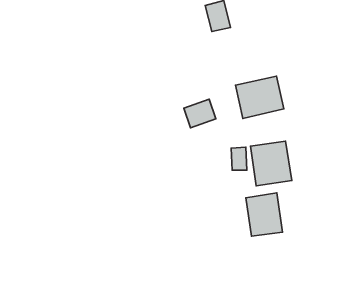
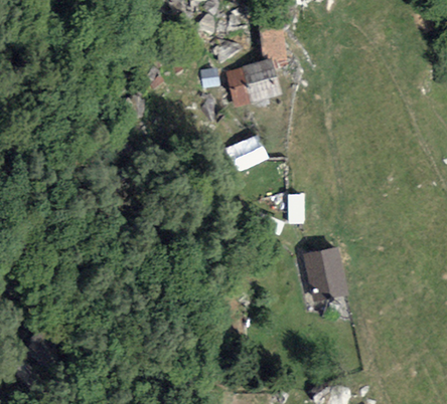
building: [236,76,284,119] -> [226,58,285,111]
building: [251,141,292,186] -> none

